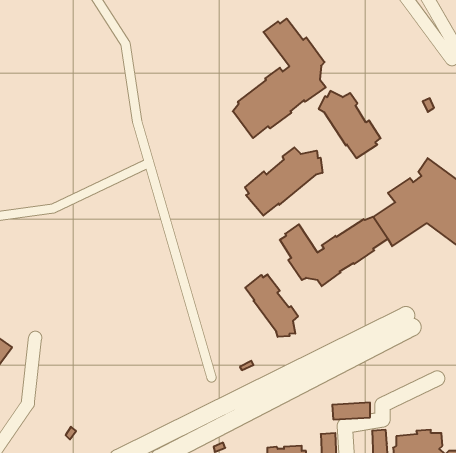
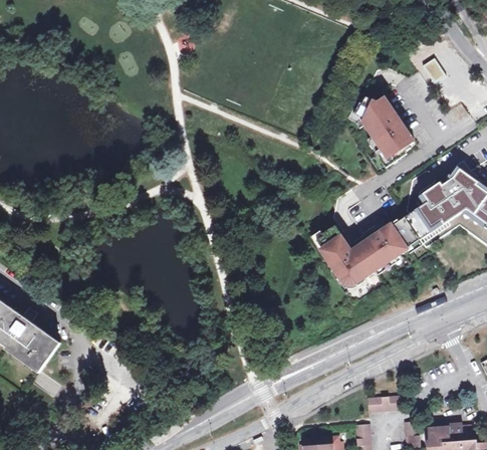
building: [233,19,326,138] -> none
building: [245,147,322,216] -> none
building: [245,274,298,337] -> none

